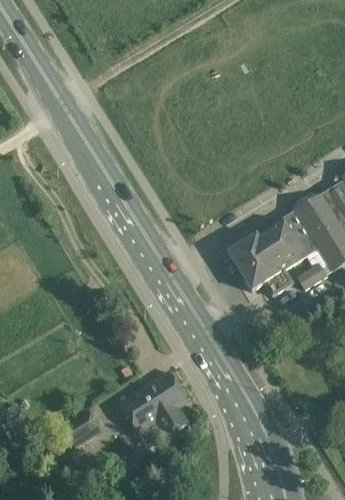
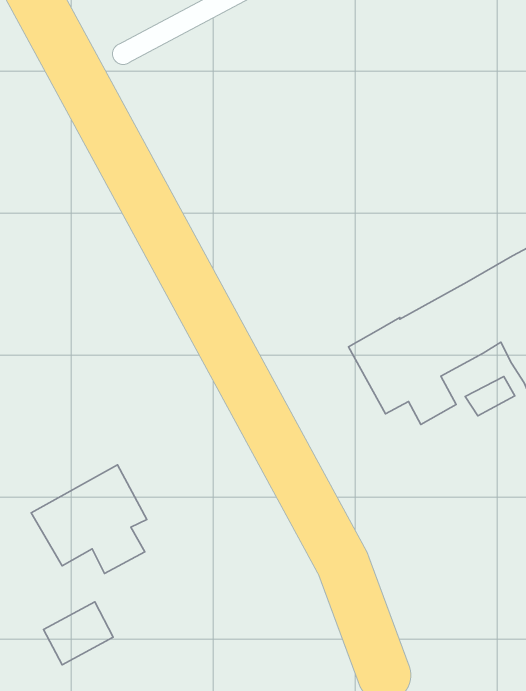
building: [121,371,189,435] -> [31,465,147,573]

